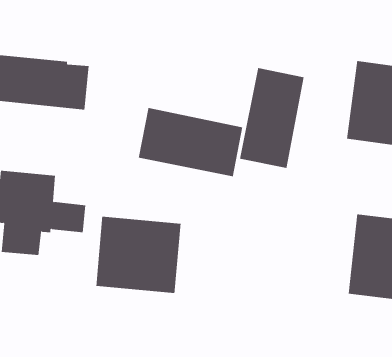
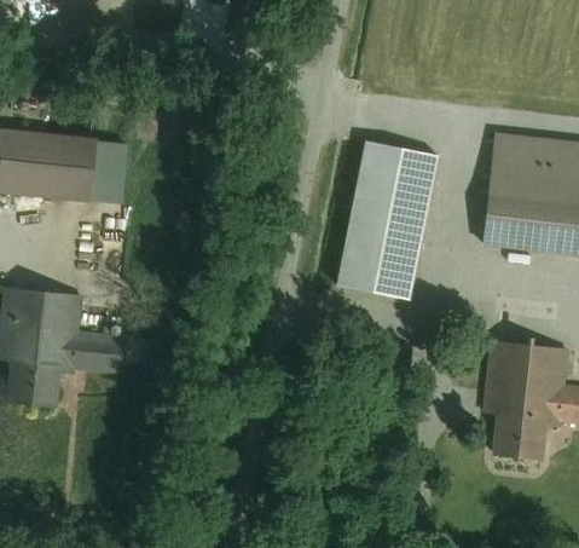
building: [138,107,243,177] -> none
building: [96,216,181,294] -> none

